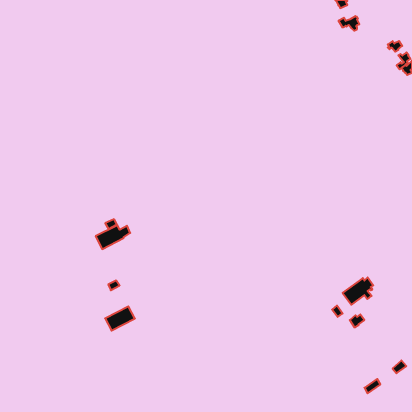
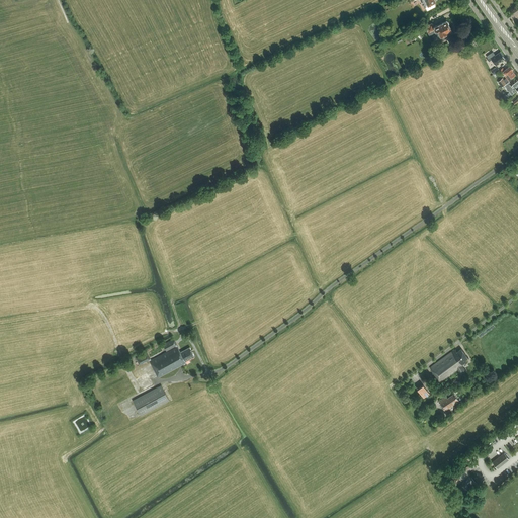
building: [96,219,130,249] -> [150,339,193,376]

